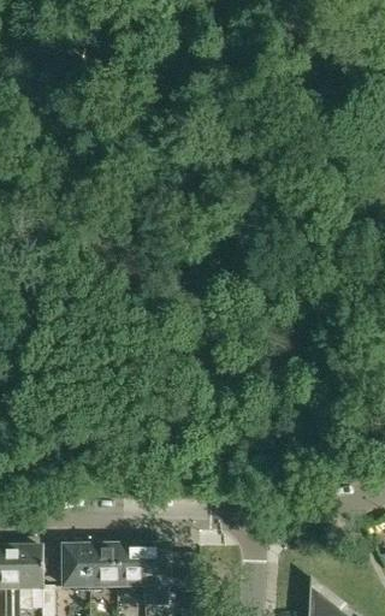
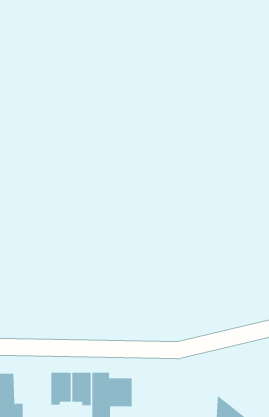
building: [66,545,91,590] -> none

